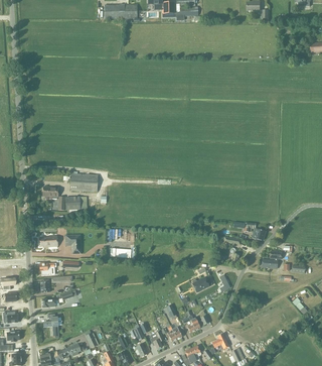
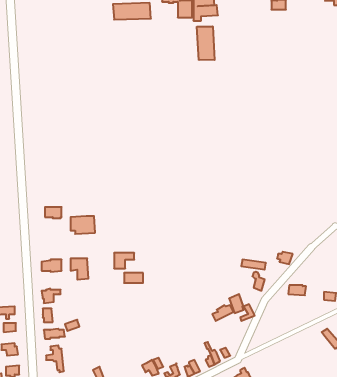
building: none -> [197,26,215,60]
building: [69,170,98,191] -> none

